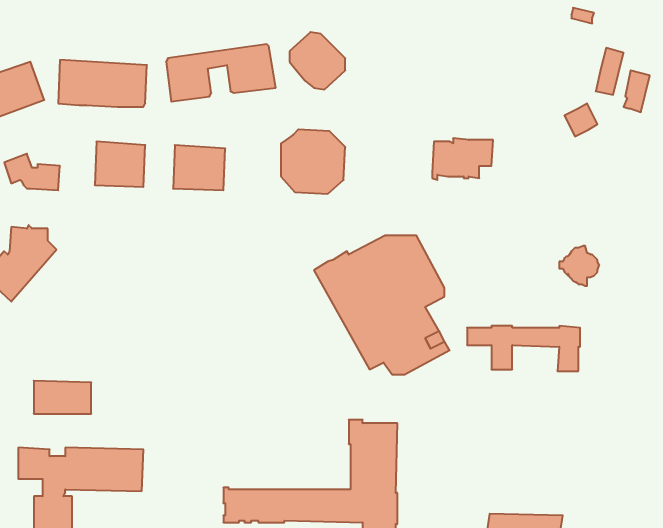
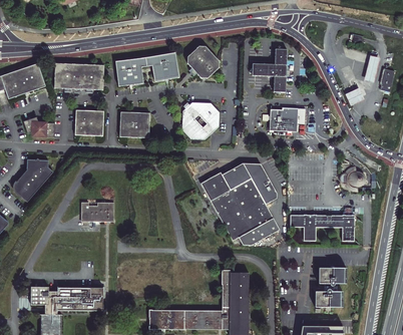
building: none -> [252,49,289,93]
building: [34,381,91,414] -> [80,202,113,221]
building: none -> [313,271,345,311]

